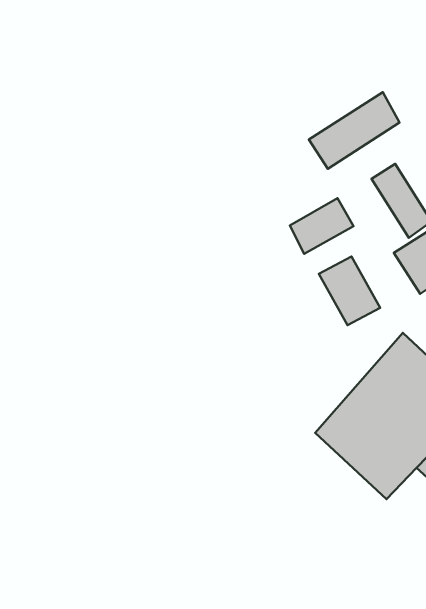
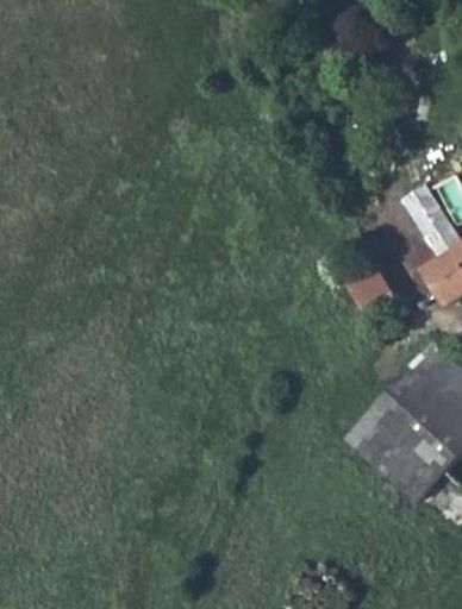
building: [309,92,400,169] -> none
building: [290,198,353,254] -> none

